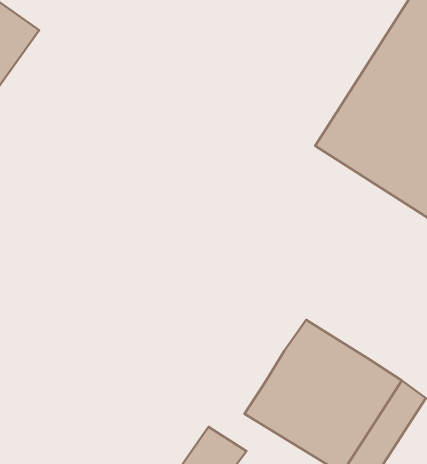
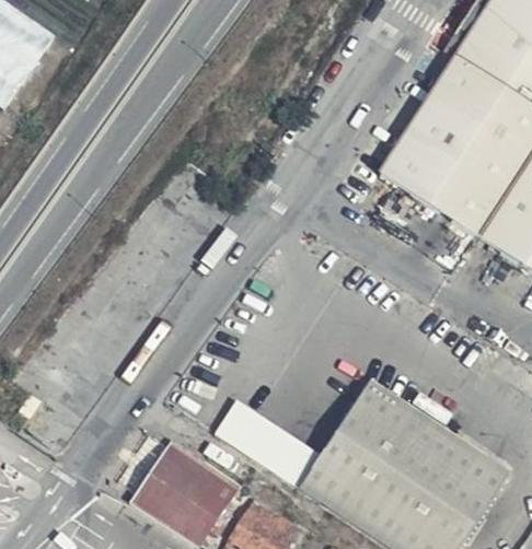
building: none -> [213,400,320,490]
building: none -> [135,436,243,539]

